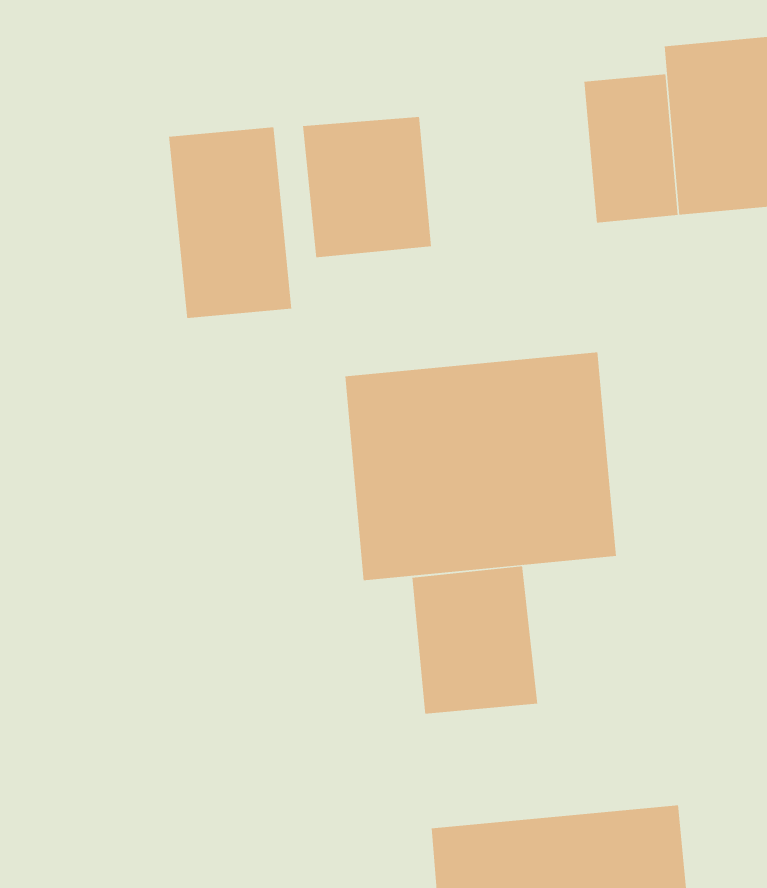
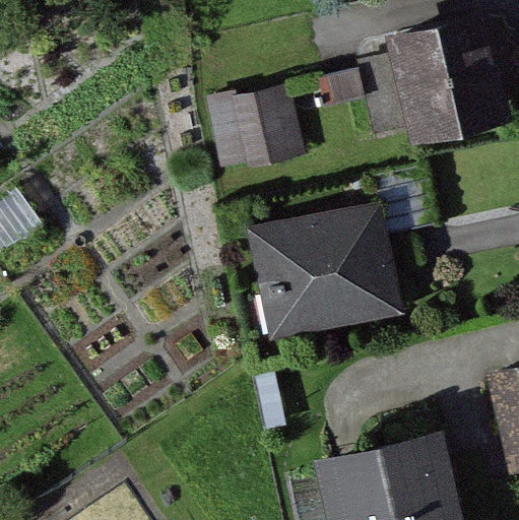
building: [169,126,292,319] -> none
building: [412,565,538,715] -> none

